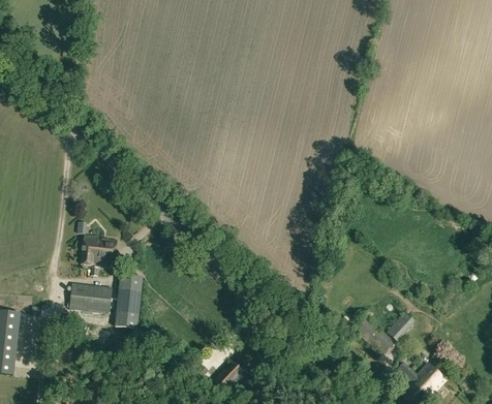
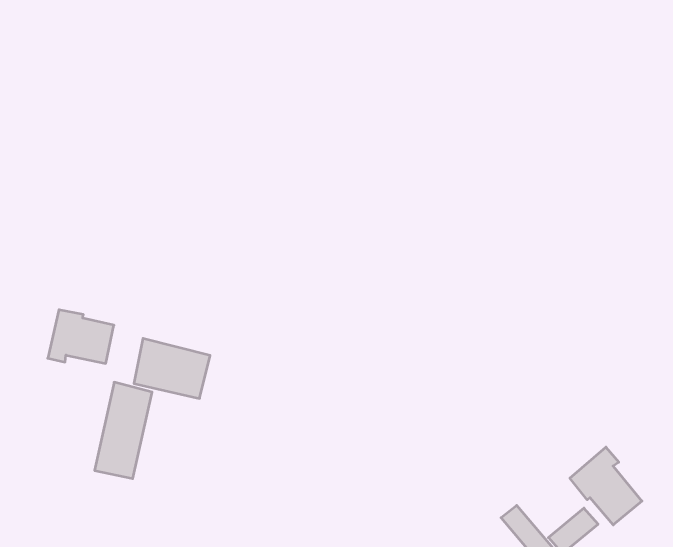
building: none -> [570,447,642,525]
building: [69,281,112,312] -> [134,338,210,398]

